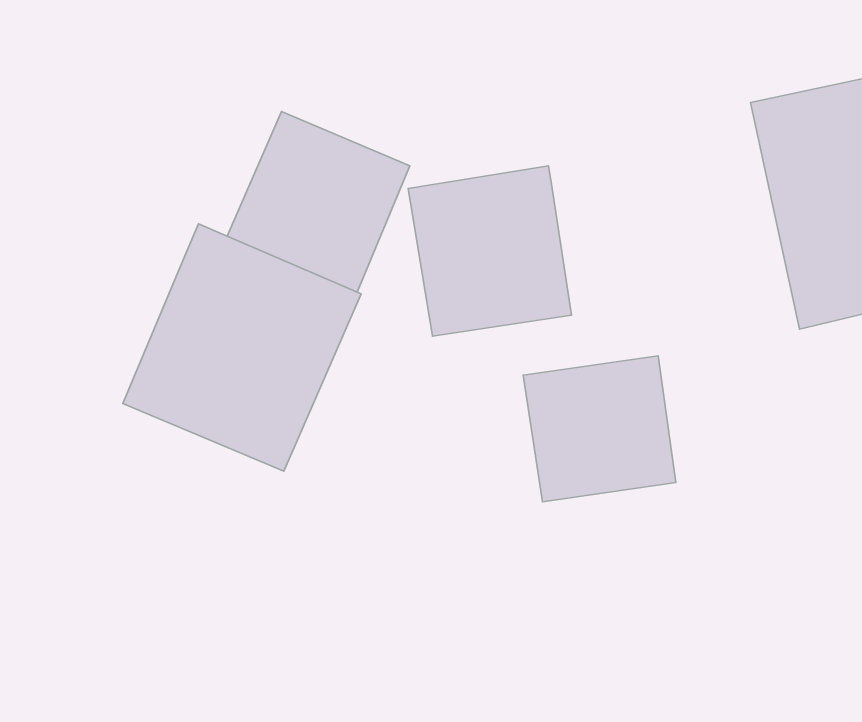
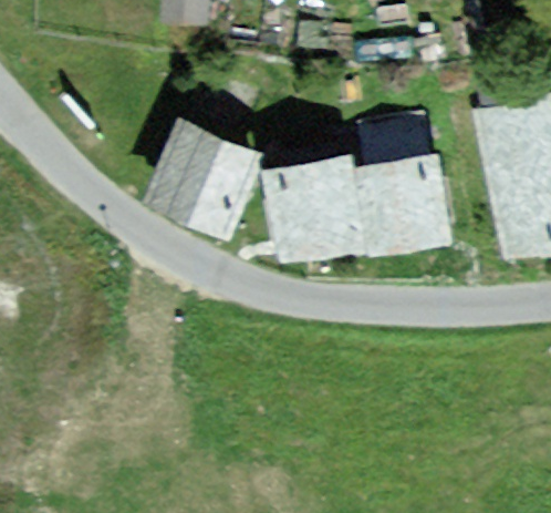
building: [123,224,361,471] -> none
building: [523,356,676,502] -> [352,158,448,250]

